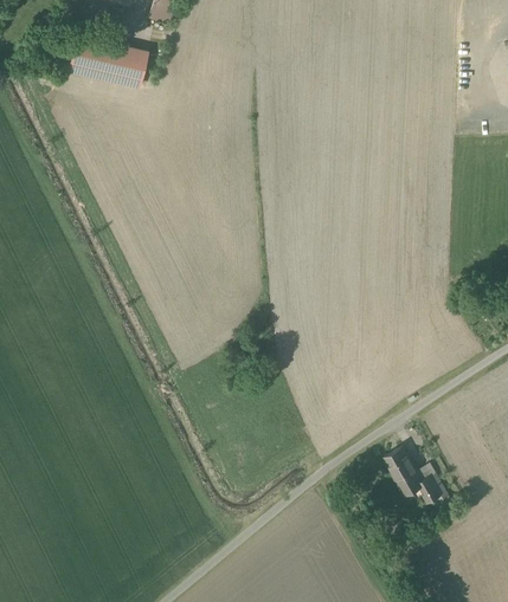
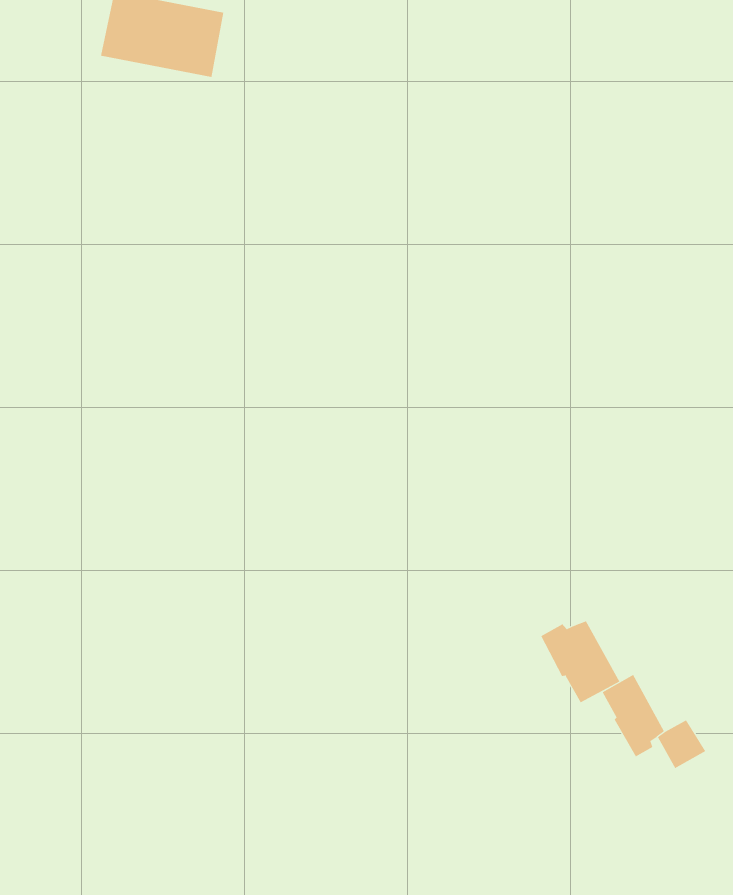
building: none -> [540,620,620,703]

